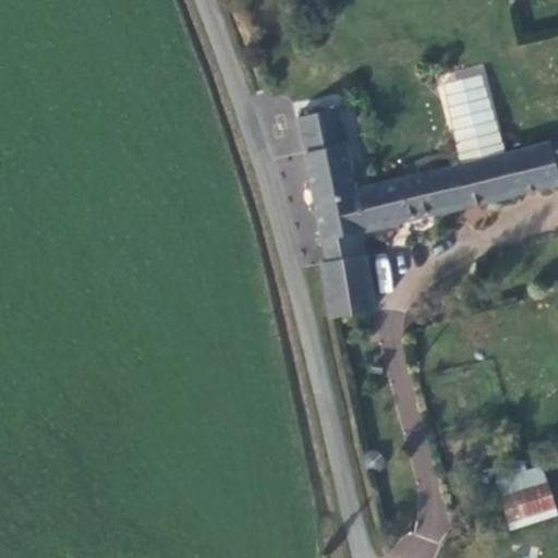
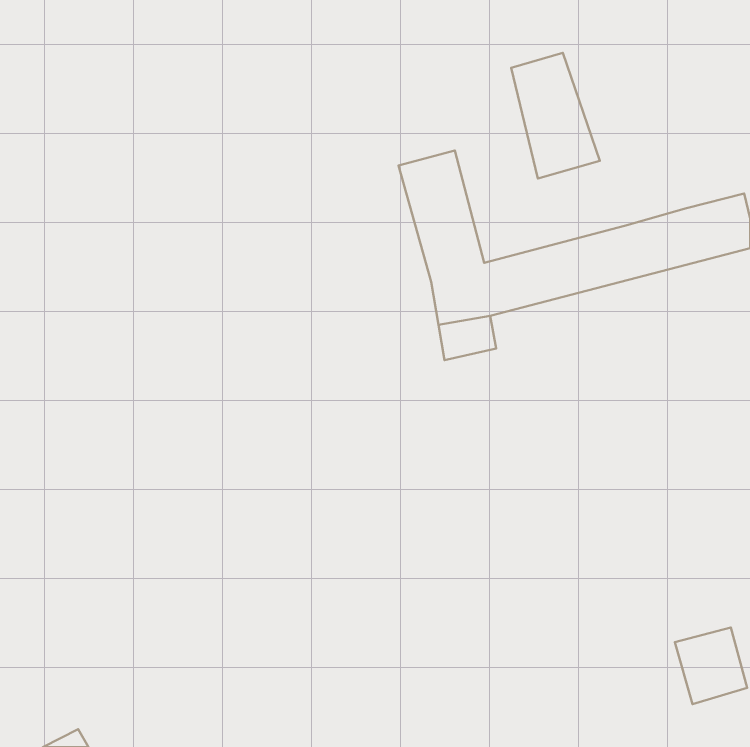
building: [441,74,507,167] -> [511,53,600,178]
building: [326,257,376,322] -> none

